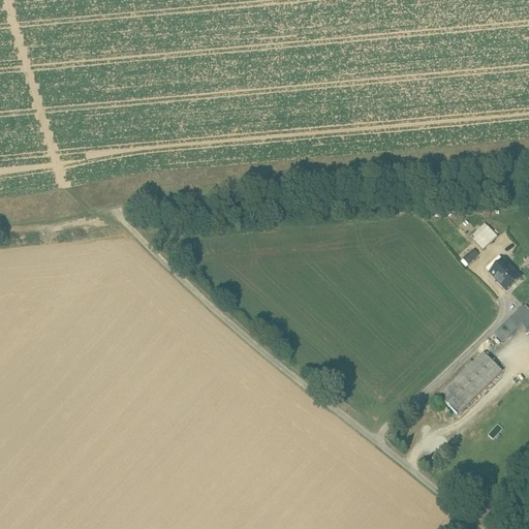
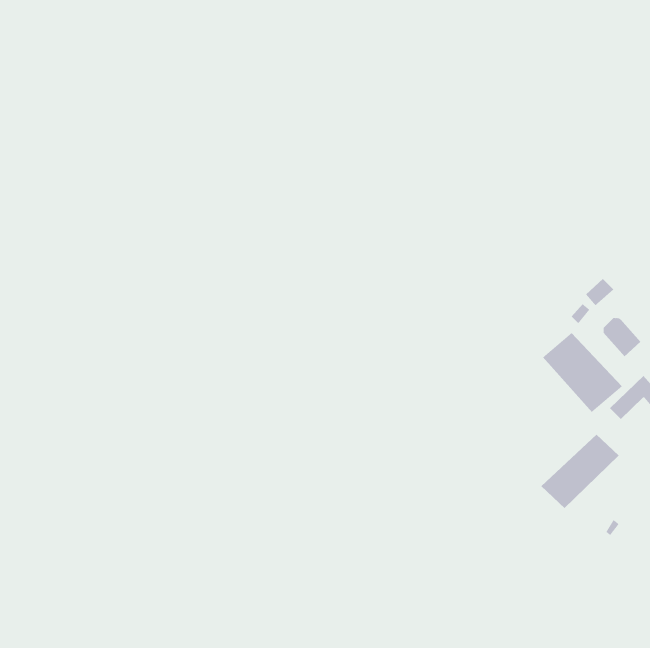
building: none -> [542,332,623,413]

